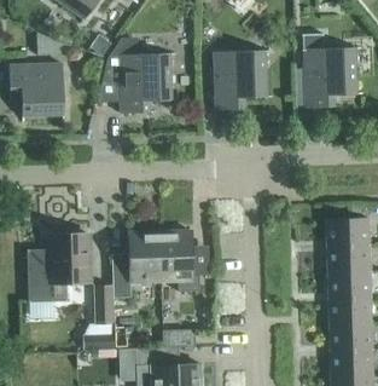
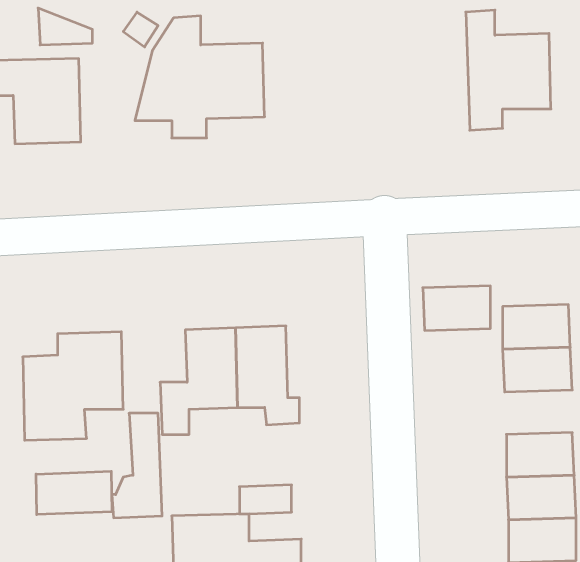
building: [215,50,267,110] -> none
building: [328,270,371,298] -> [423,286,490,330]
building: none -> [36,471,112,515]

